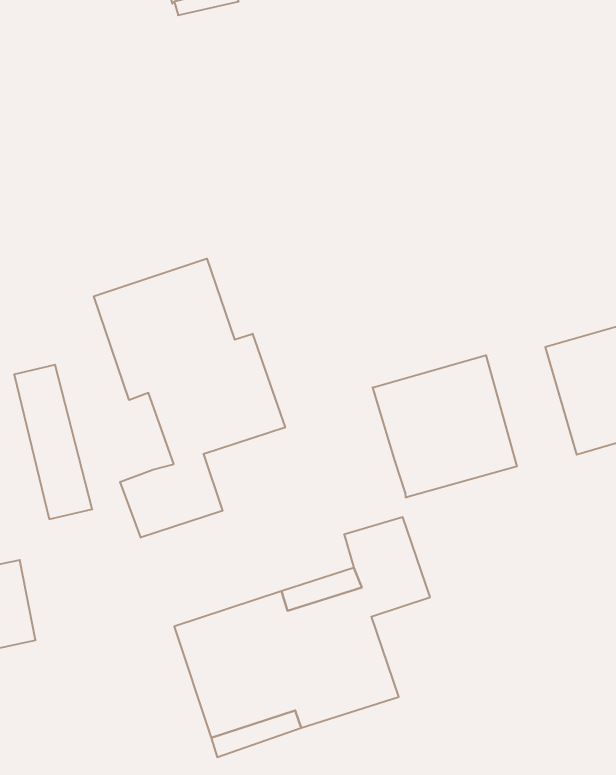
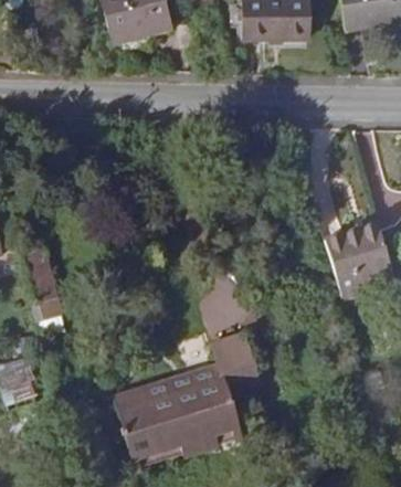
building: [94,259,285,538] -> none
building: [373,355,517,498] -> none

